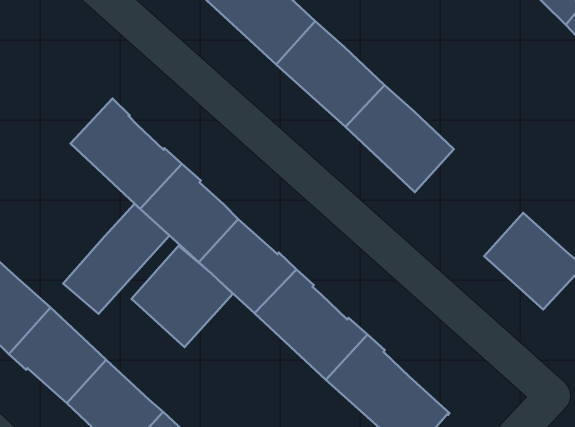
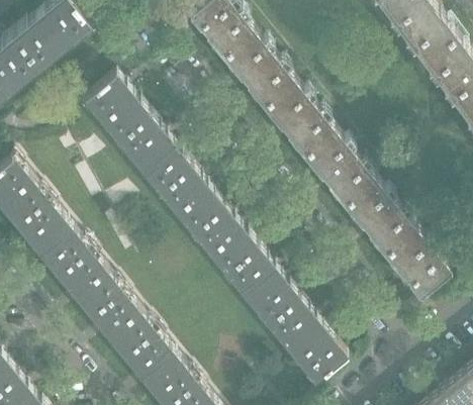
building: none -> [85,76,152,142]
building: none -> [346,183,416,258]
building: [63,204,170,314] -> none
building: [131,246,233,347] -> none

